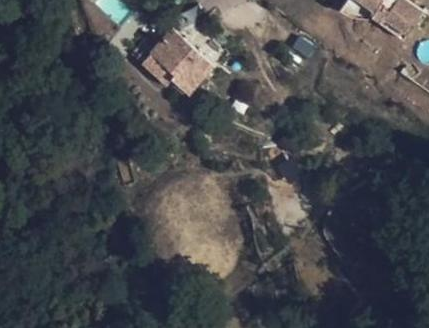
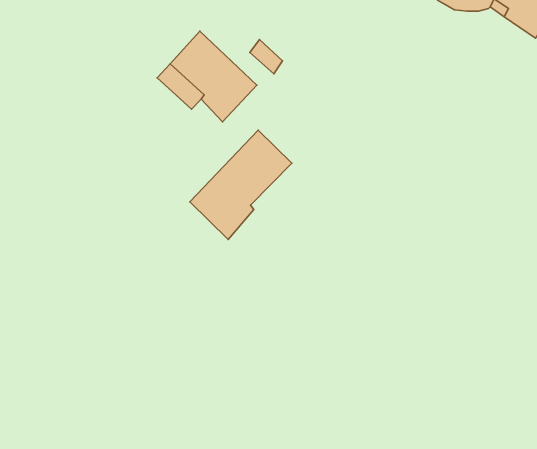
building: none -> [190,130,292,239]

